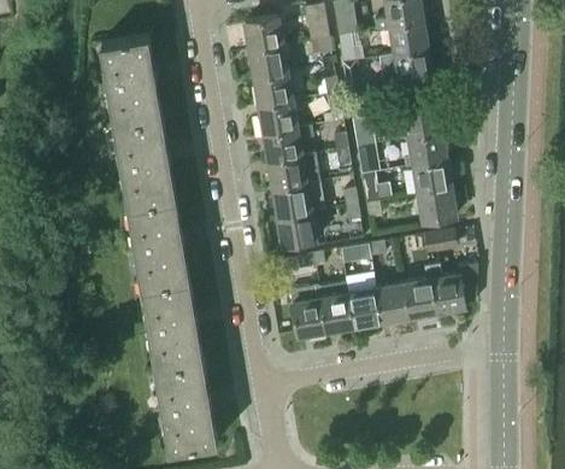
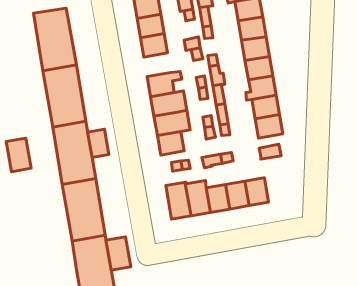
building: [258,101,296,135] -> none
building: none -> [88,129,109,157]
building: none -> [6,138,31,172]
building: [426,265,477,315] -> none
building: none -> [106,237,131,270]

